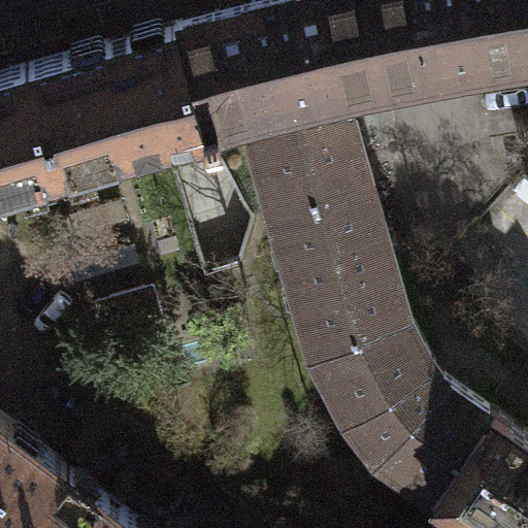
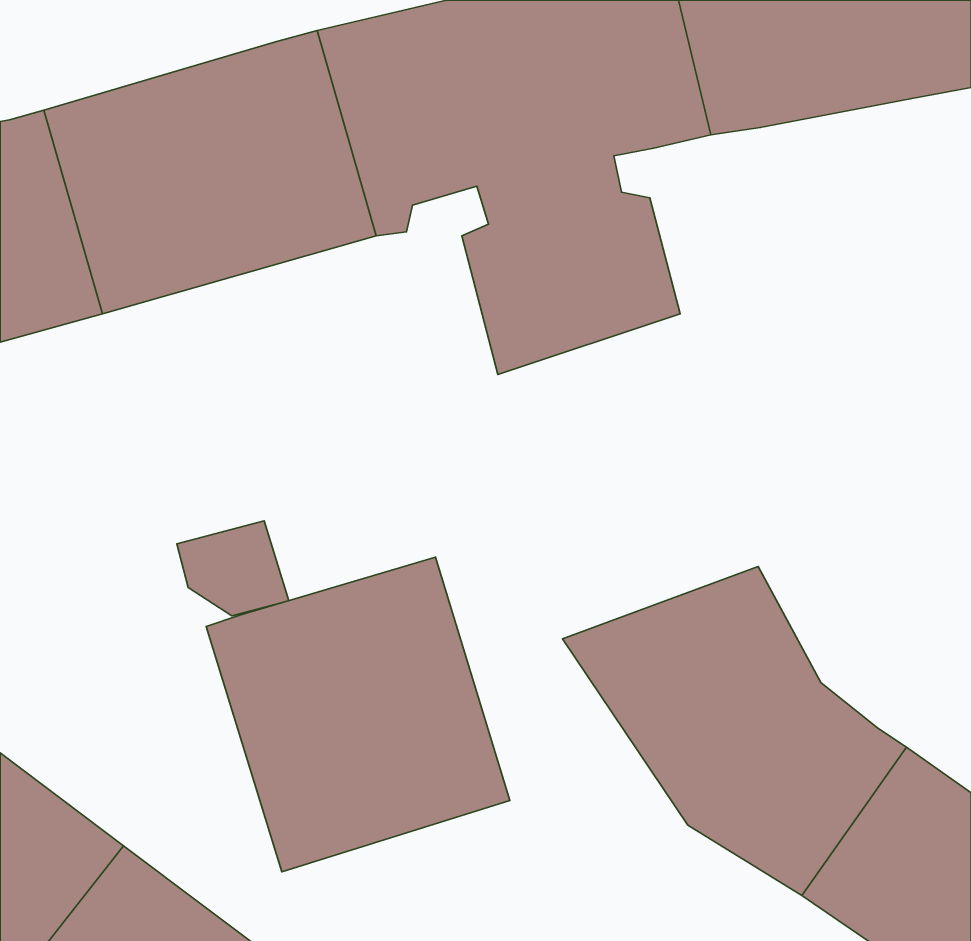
building: [270,187,411,363] -> none
building: none -> [206,557,510,872]

